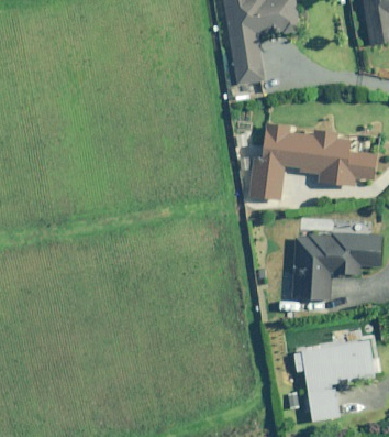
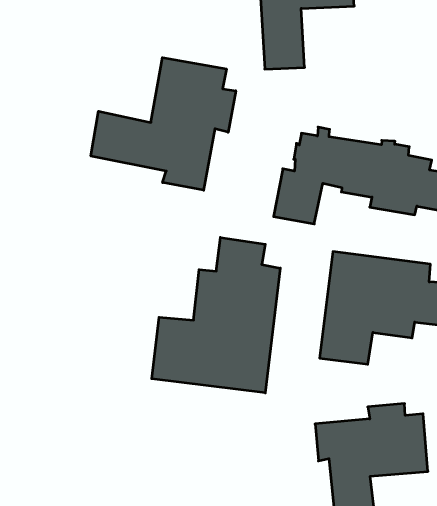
building: none -> [91,58,236,190]
building: none -> [152,237,280,393]

